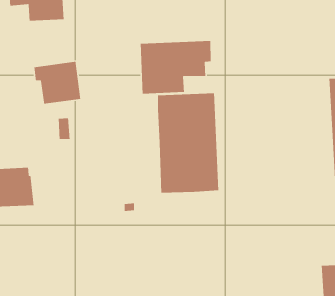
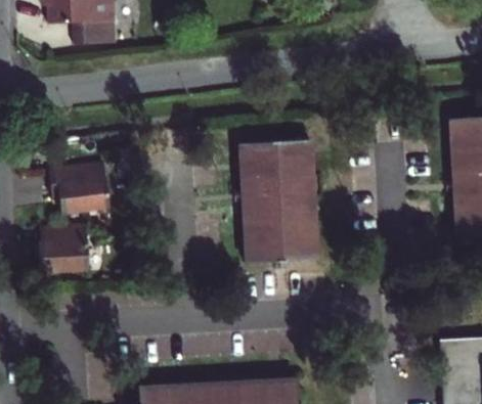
building: [140,40,212,95] -> none
building: [34,61,81,104] -> [52,161,111,214]

